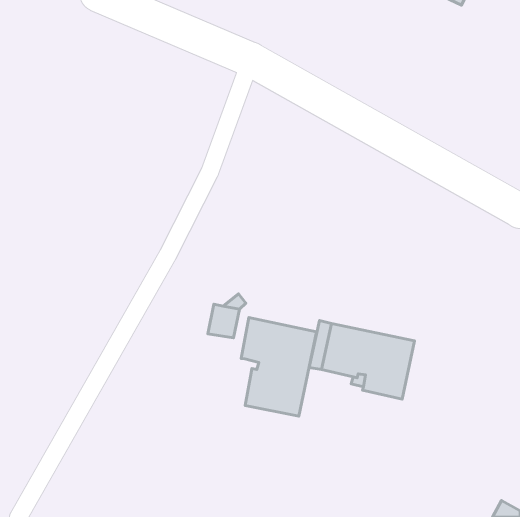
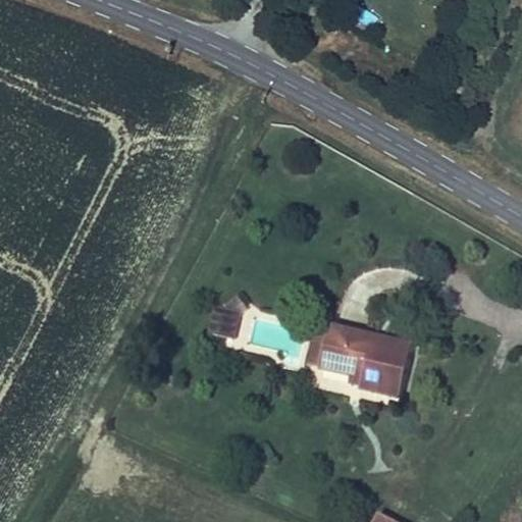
building: [241,318,317,416] -> none

